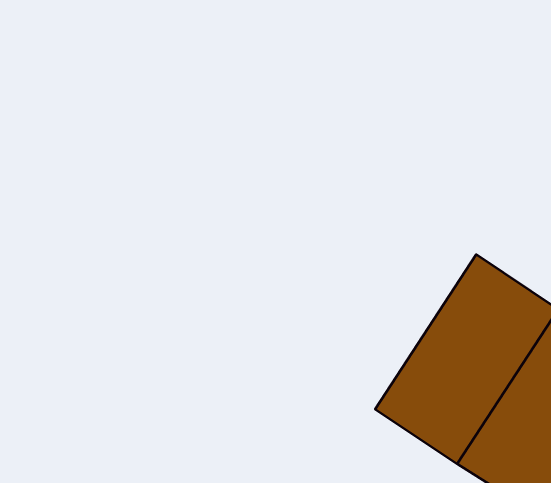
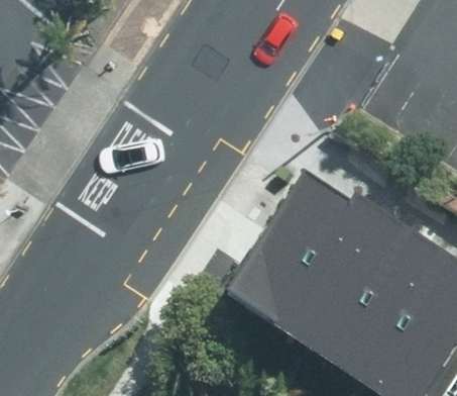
building: none -> [243,181,374,331]

